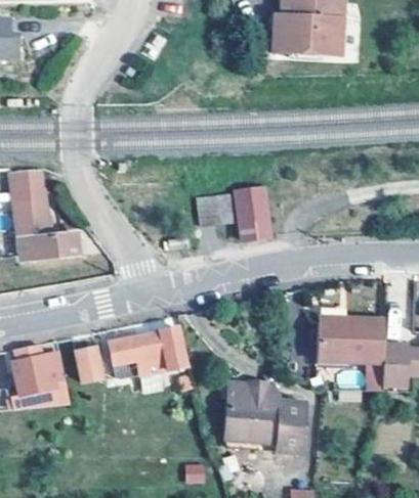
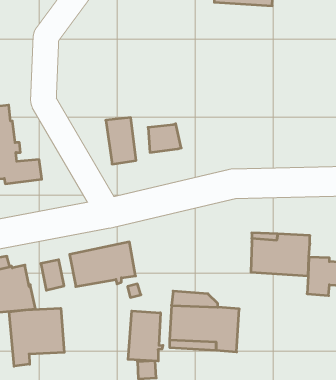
building: [235,186,269,239] -> [106,118,136,164]
building: none -> [9,308,64,366]
building: none -> [128,311,163,361]

